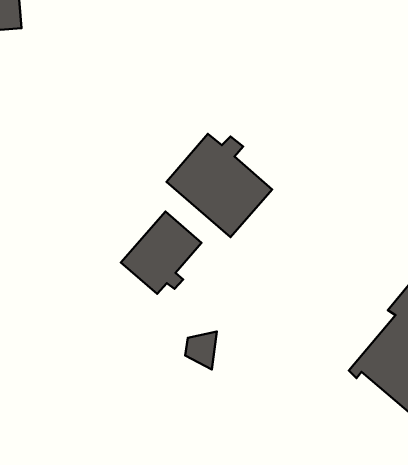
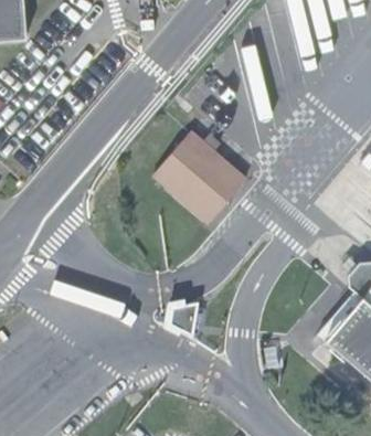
building: [121,211,202,294] -> none

